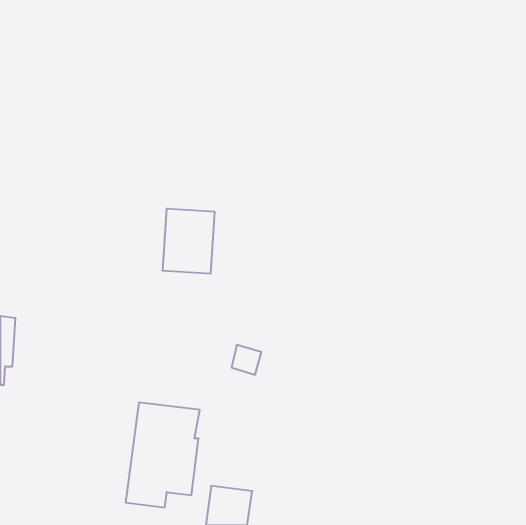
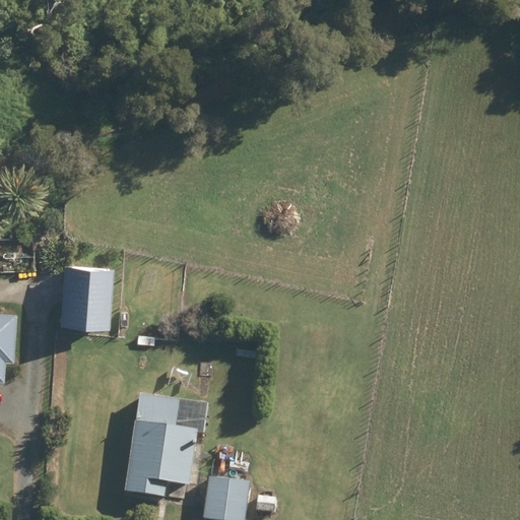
building: [162,209,215,274] -> [60,264,112,328]

